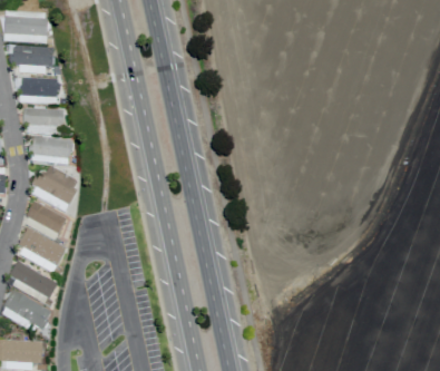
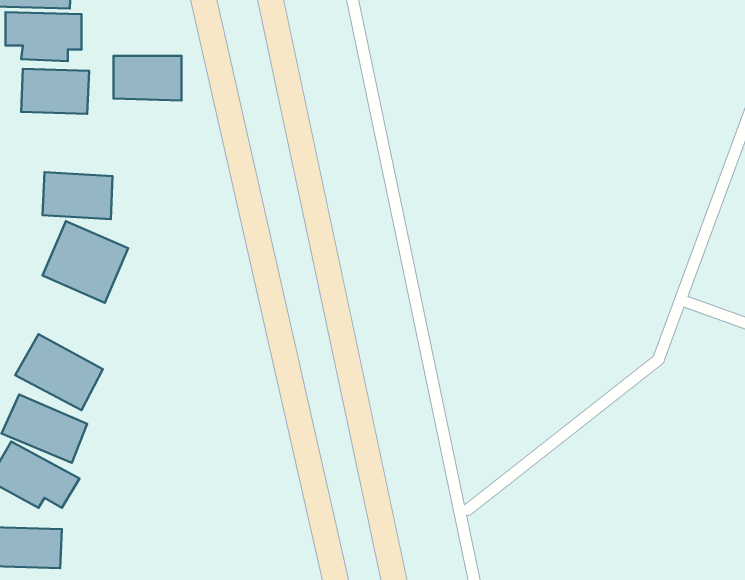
building: [25,108,63,134] -> [113,56,182,101]
building: [23,202,67,238] -> none

